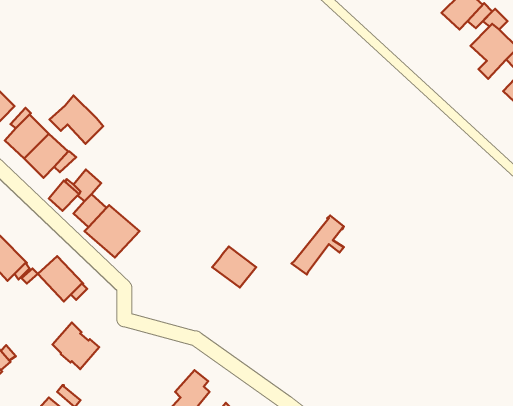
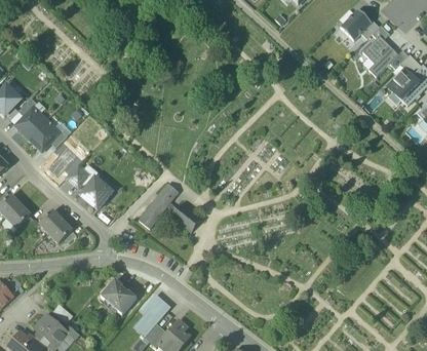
building: [49,95,103,144] -> none
building: [292,215,344,275] -> [139,184,178,228]
building: [53,323,99,369] -> [102,279,137,314]

